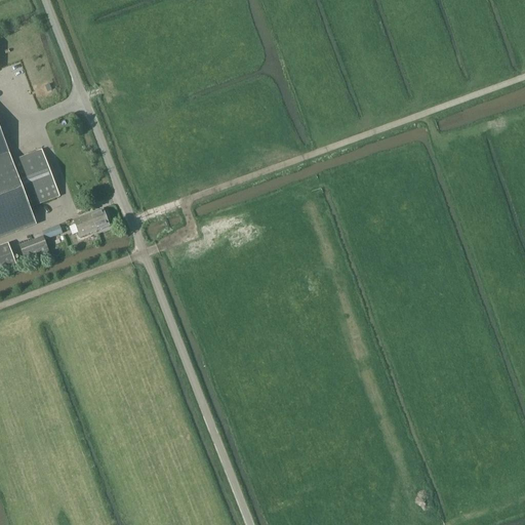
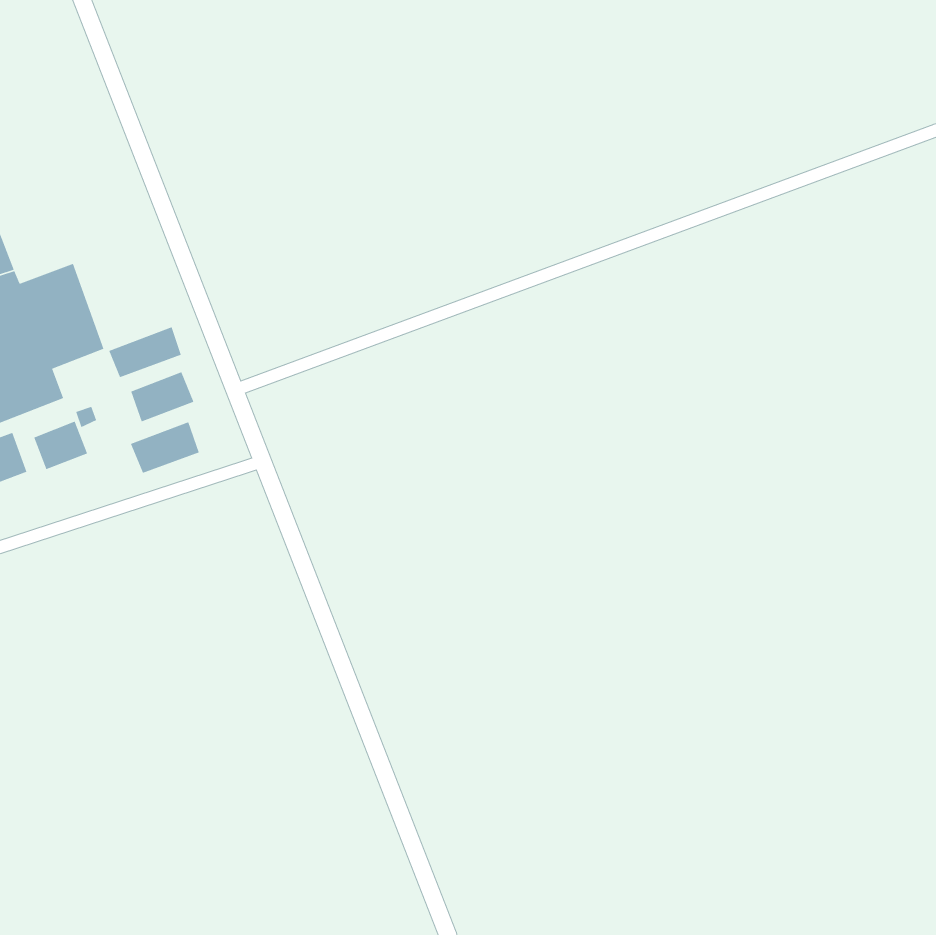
building: none -> [108,326,182,378]
building: none -> [130,421,200,474]

